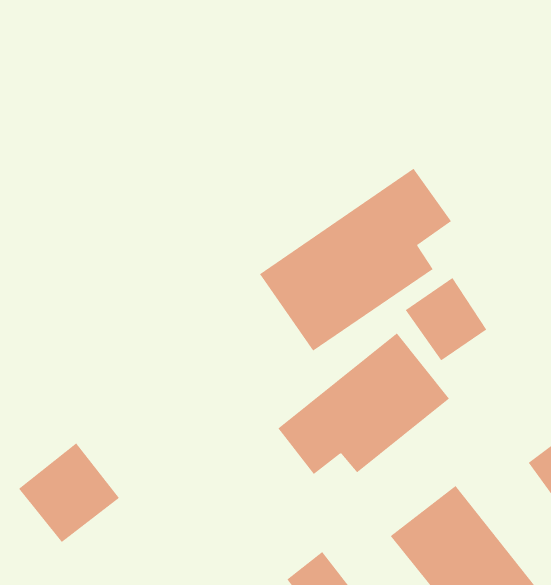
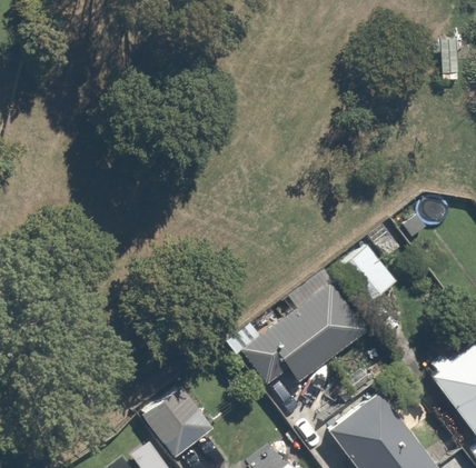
building: [259,168,452,351] -> none
building: [18,443,120,543] -> [139,380,215,455]

